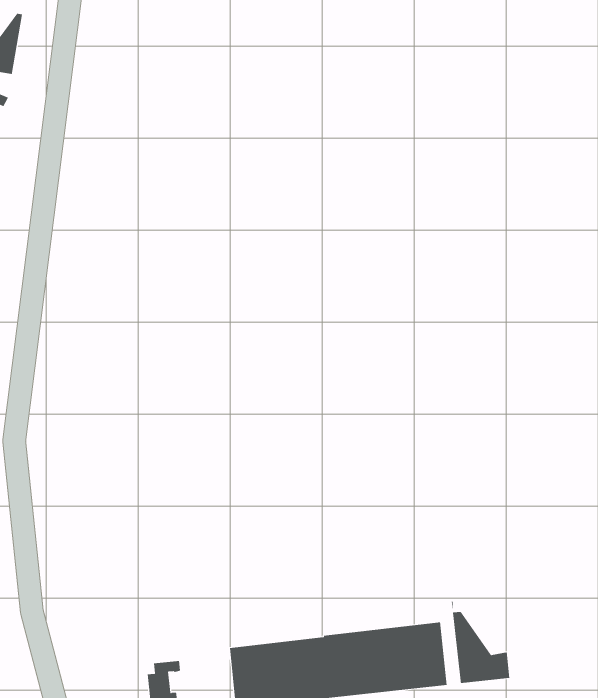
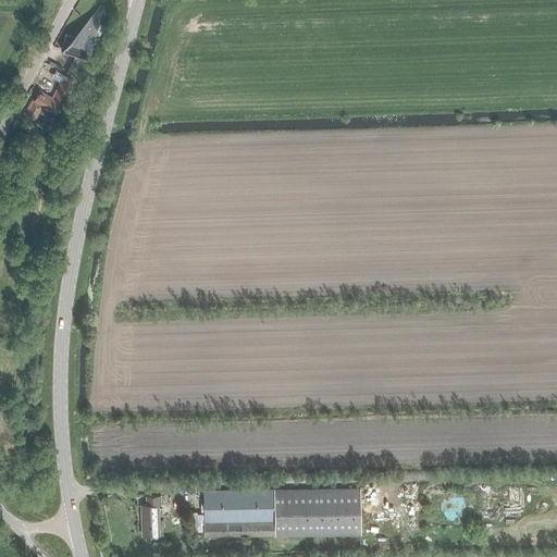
building: [451,601,510,684] -> none

